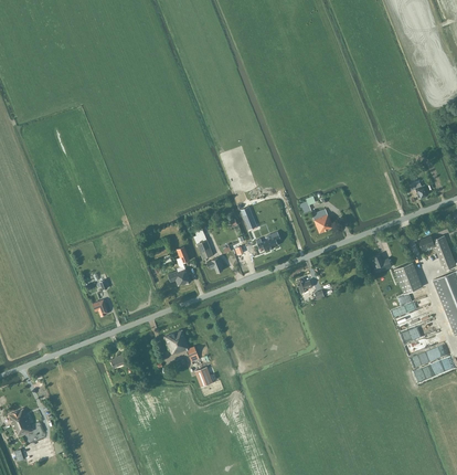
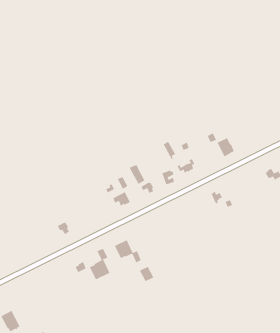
building: none -> [89,248,110,280]

